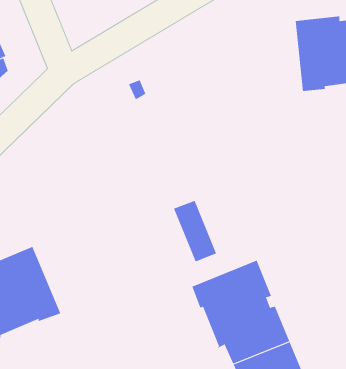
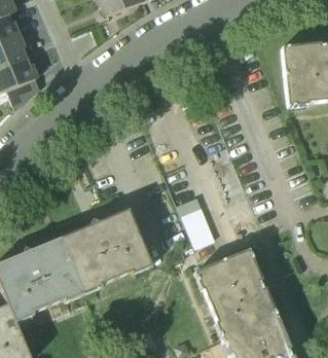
building: none -> [61,209,153,294]

